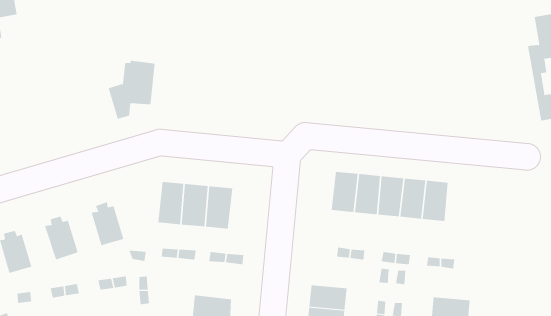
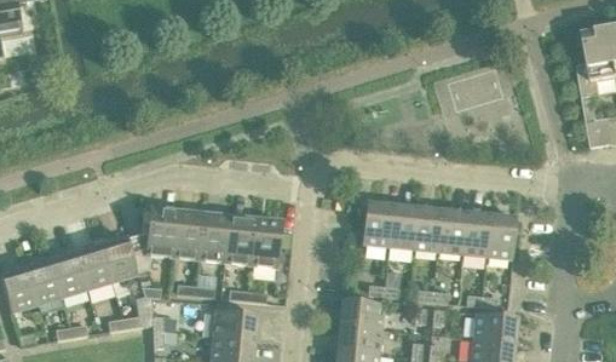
building: [108,60,156,121] -> [126,208,178,275]
building: none -> [487,213,516,258]
building: none -> [251,219,282,266]
building: none -> [76,242,111,289]
building: none -> [25,257,62,305]
building: none -> [340,298,382,328]
building: none -> [213,310,257,340]
building: none -> [473,312,517,341]

